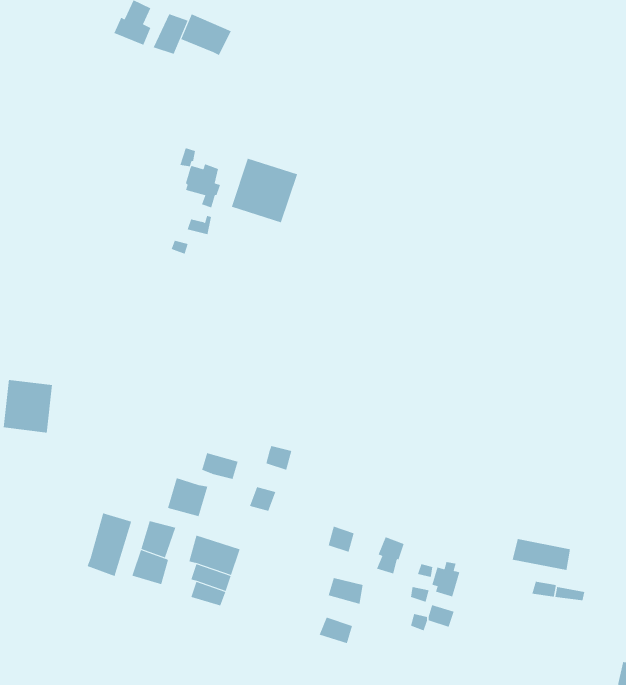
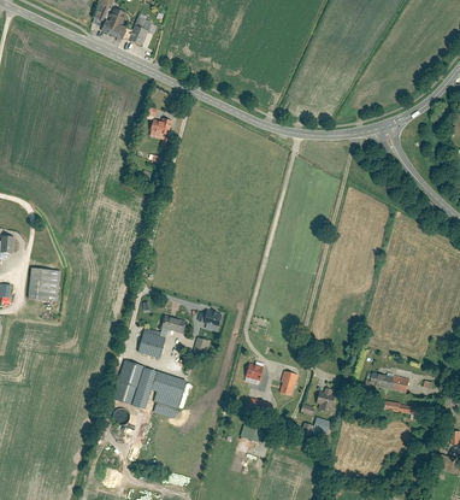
building: [181,14,231,56] -> none
building: [231,158,298,223] -> none
building: [87,513,132,577] -> none

